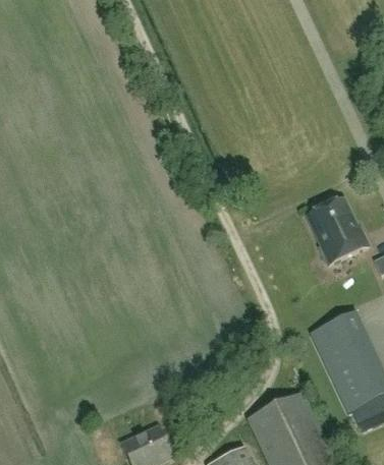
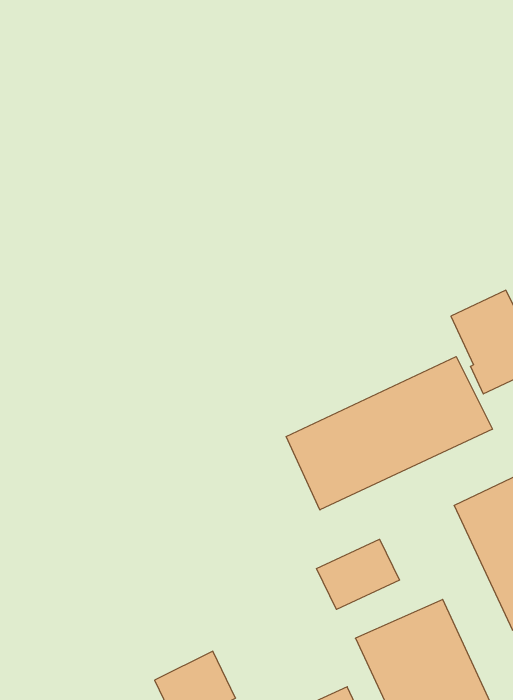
building: none -> [286,357,492,510]
building: none -> [316,539,399,609]

